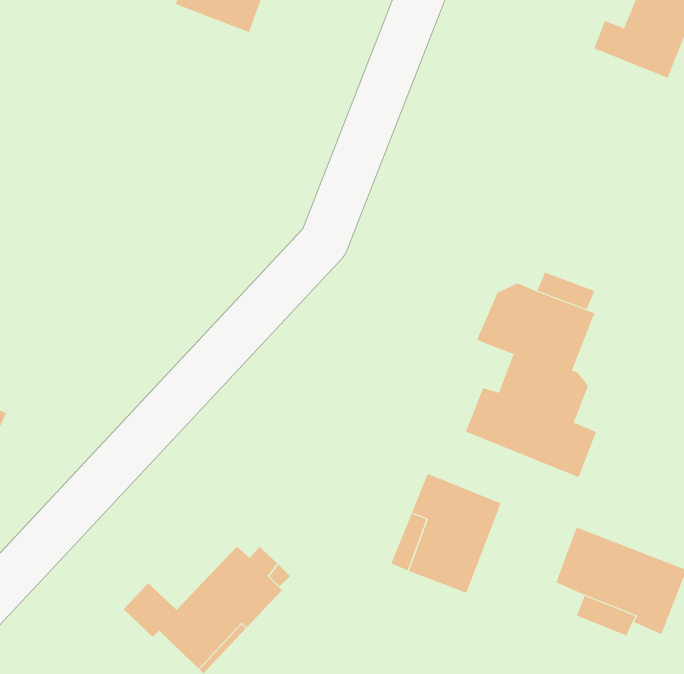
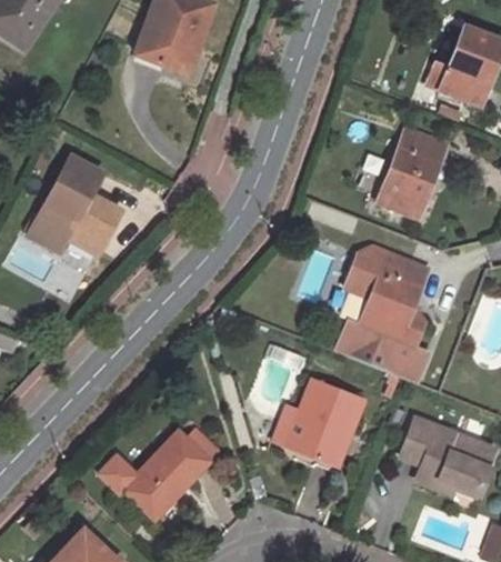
building: none -> [379,131,444,218]
building: none -> [26,155,120,254]

